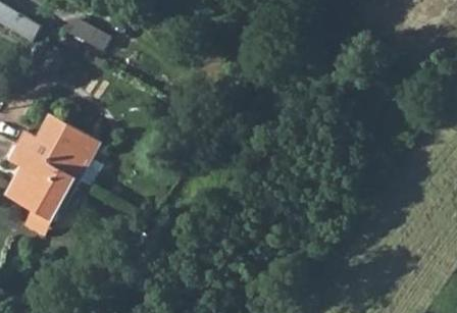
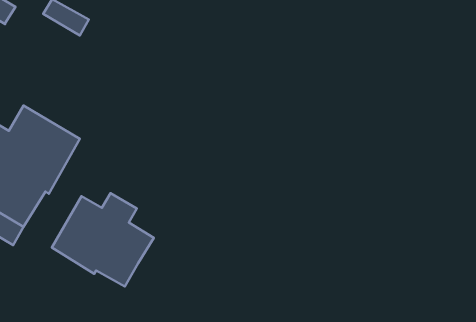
building: none -> [52,193,154,286]

